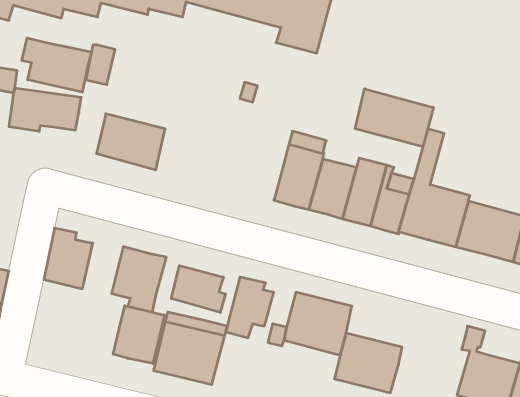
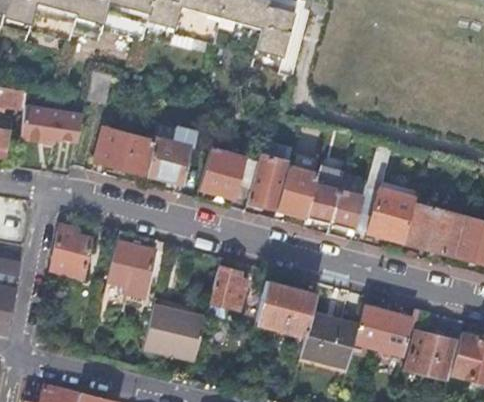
building: [22,38,92,92] -> none
building: [355,89,433,147] -> none
building: none -> [147,128,200,185]
building: none -> [200,149,259,199]
building: [171,266,226,313] -> none
building: [113,306,164,364] -> none
building: none -> [355,306,412,356]

